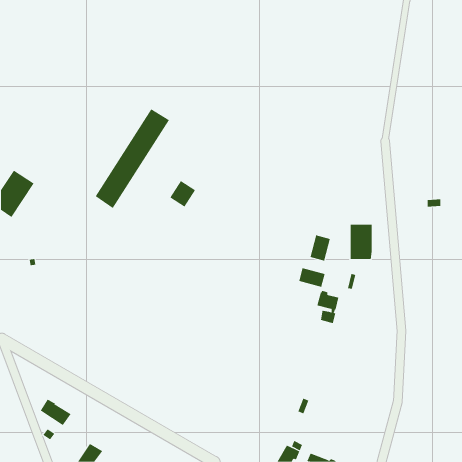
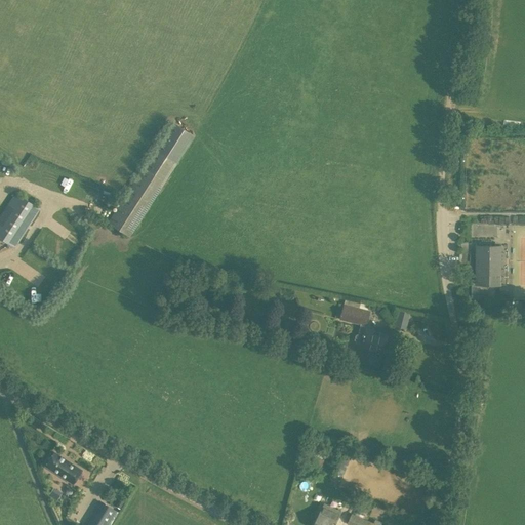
building: [170,180,196,208] -> none
building: [350,224,372,259] -> [476,246,501,286]
building: [310,235,331,261] -> none

